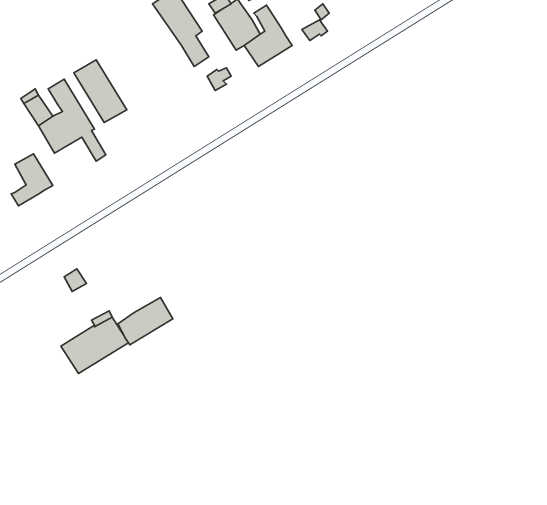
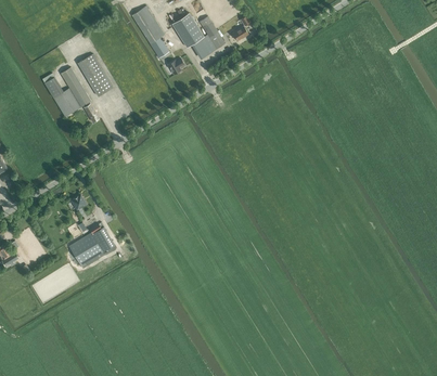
building: [11,154,53,206] -> none
building: [118,297,173,345] -> none

